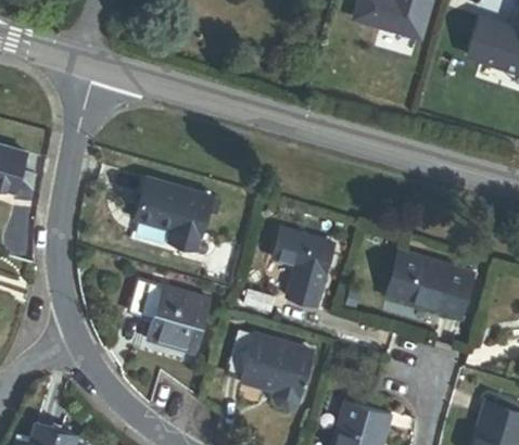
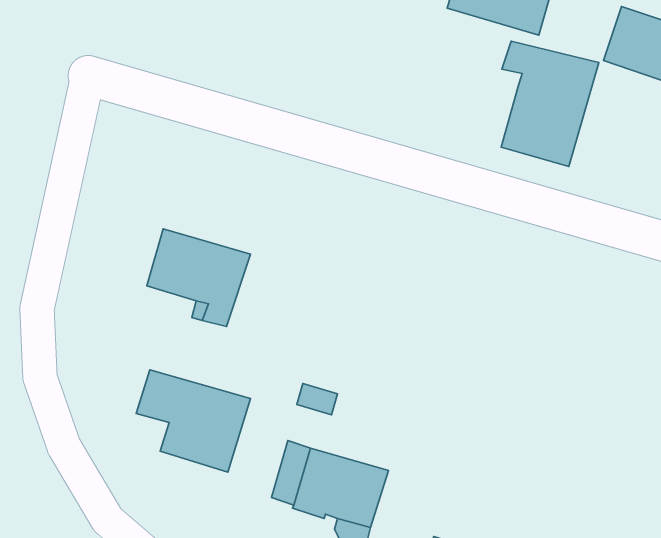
building: none -> [501,41,599,167]
building: [273,229,333,305] -> none
building: [389,251,473,318] -> none

